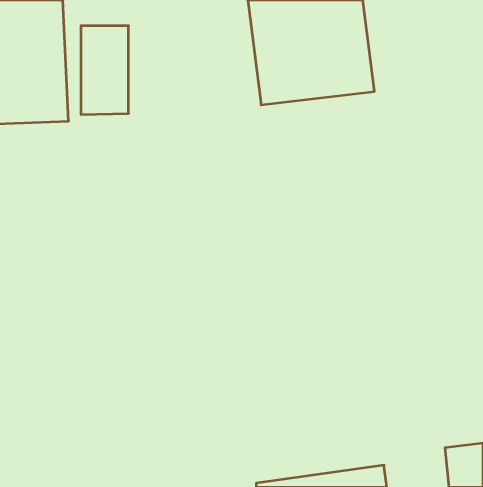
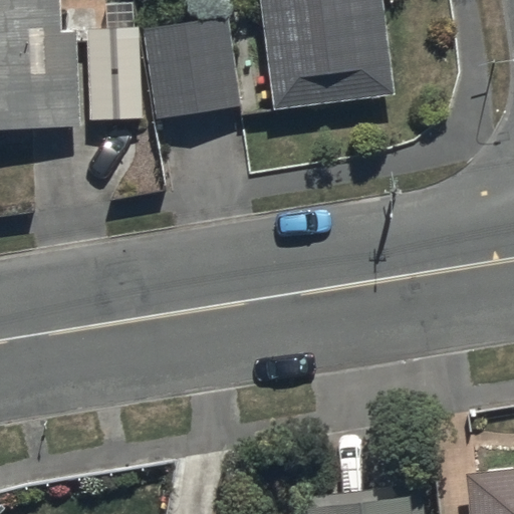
building: none -> [150,15,240,118]

